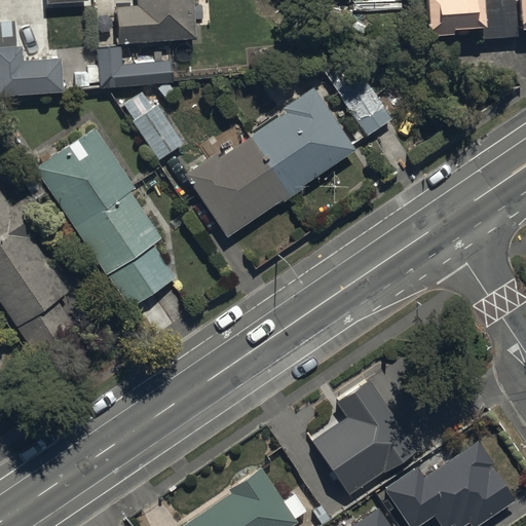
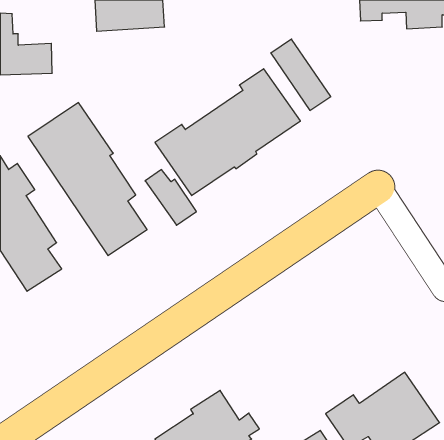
building: [98,46,174,88] -> none
building: [122,93,183,159] -> [145,170,196,225]
building: [310,379,416,495] -> none

